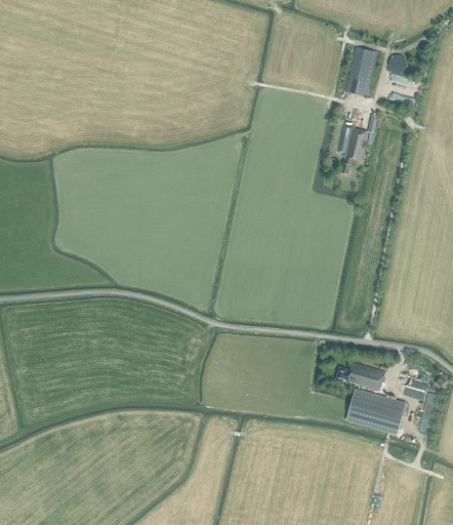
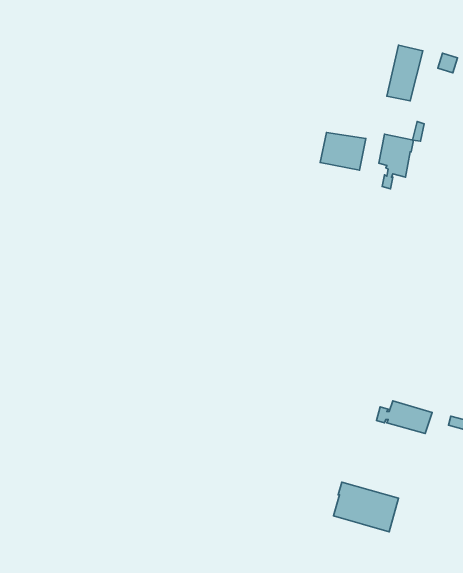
building: none -> [320,133,366,170]
building: [347,389,405,433] -> [334,482,398,532]

